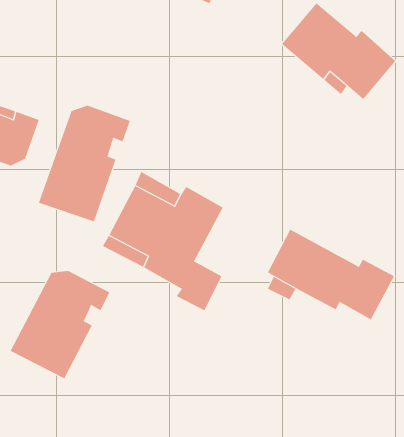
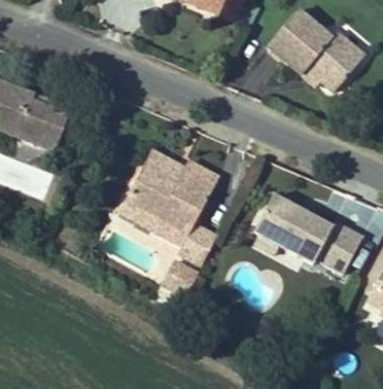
building: [38,105,130,222] -> none
building: [10,270,110,379] -> none

